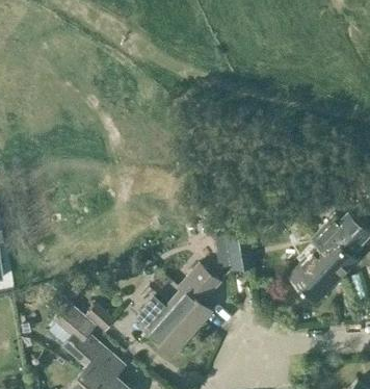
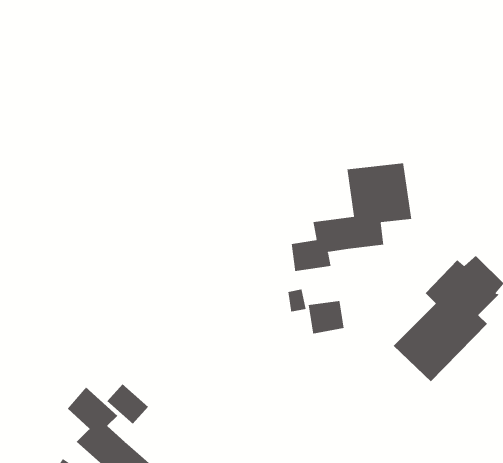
building: none -> [291,162,412,272]
building: [136,264,219,353] -> none

